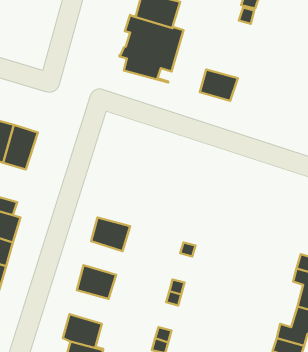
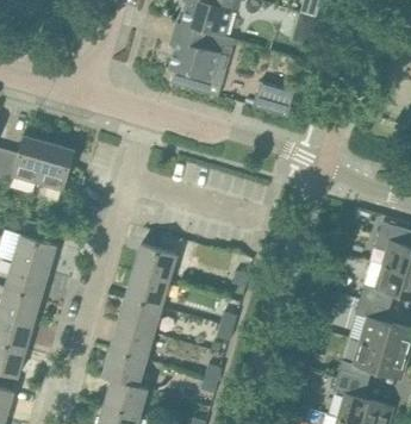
building: none -> [125,270,168,307]
building: none -> [110,324,152,361]

